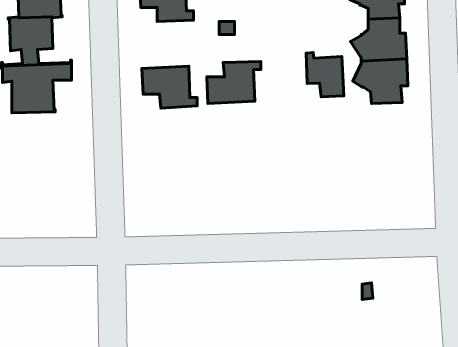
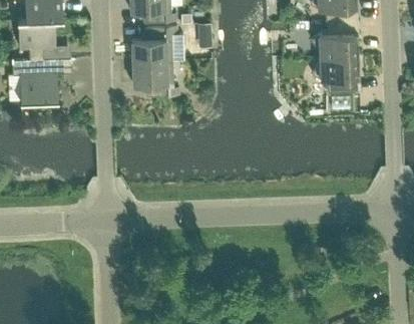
building: [306,52,344,97] -> none
building: [207,61,261,104] -> [131,29,177,65]

